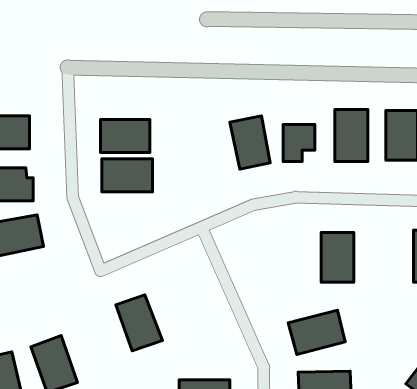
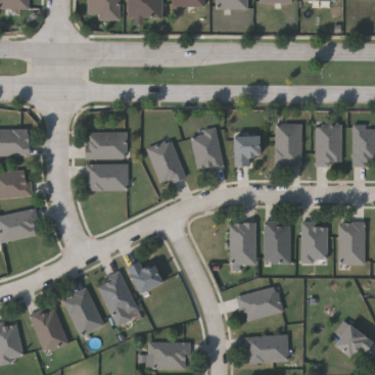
building: none -> [146,139,185,185]
building: none -> [229,222,255,264]
building: none -> [301,223,327,263]
building: none -> [126,261,161,293]
building: none -> [62,287,103,336]

